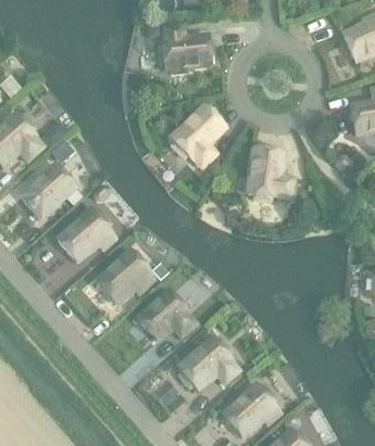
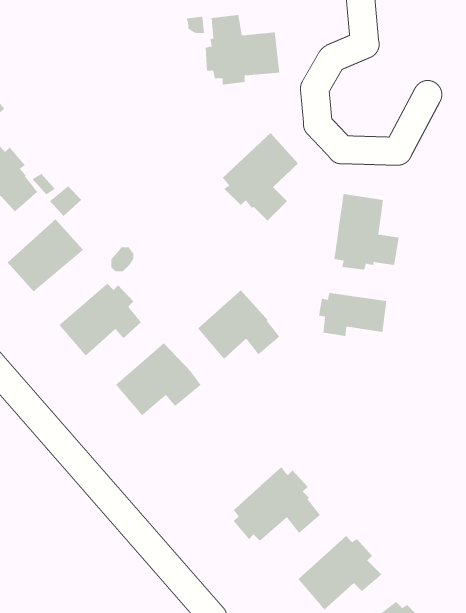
building: none -> [319,292,387,337]
building: [137,291,195,340] -> [197,289,280,360]

